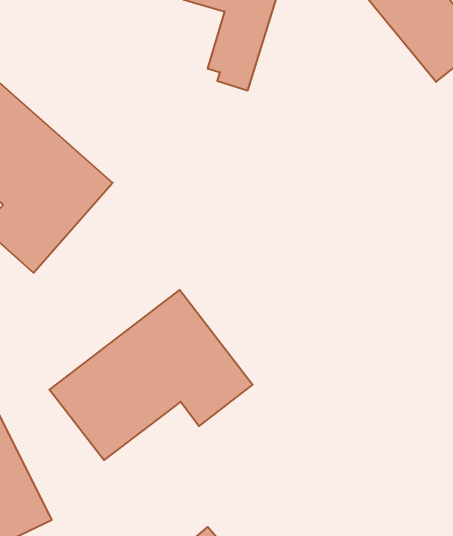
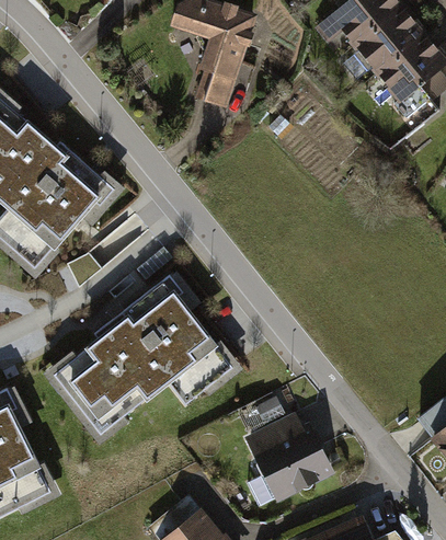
building: none -> [240,403,336,502]

